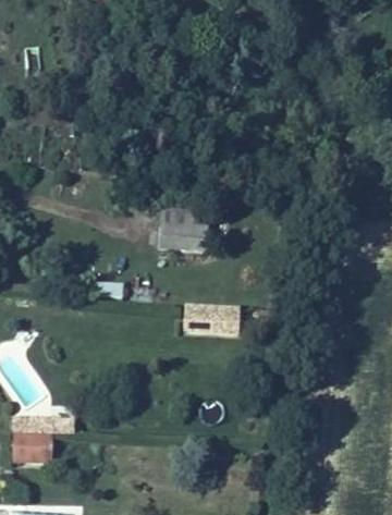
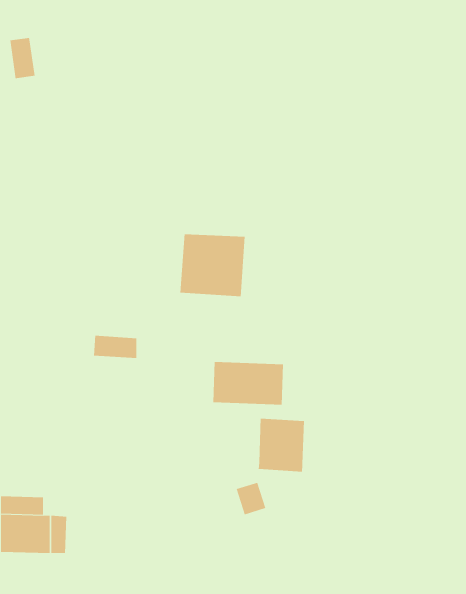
building: none -> [258,418,305,472]

